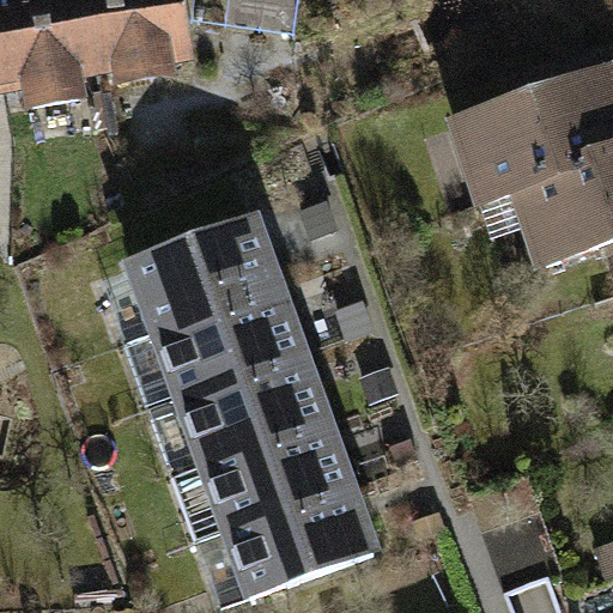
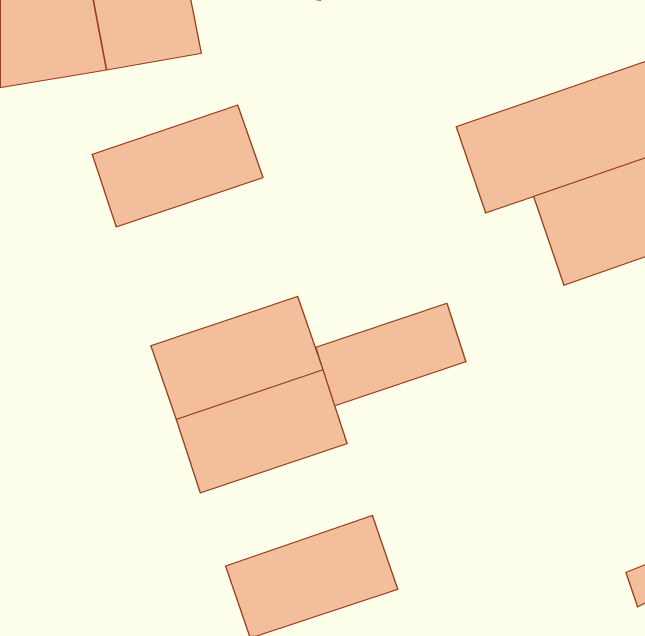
building: [122,212,284,327] -> [92,105,263,227]
building: none -> [316,303,466,406]
building: [192,419,354,535] -> none

